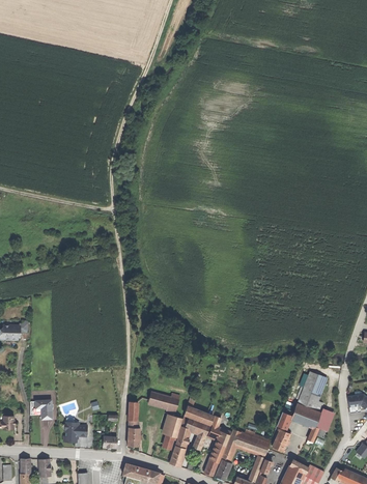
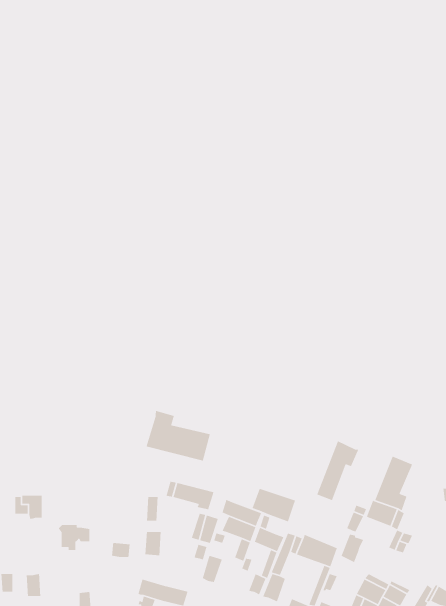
building: none -> [146,410,211,462]
building: none -> [316,440,359,501]
building: none -> [251,488,296,523]

